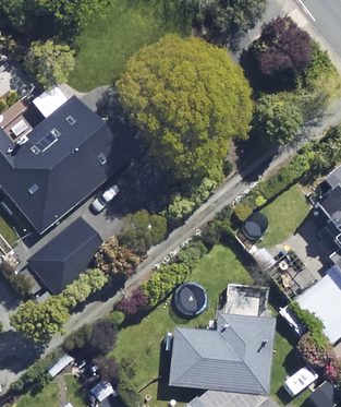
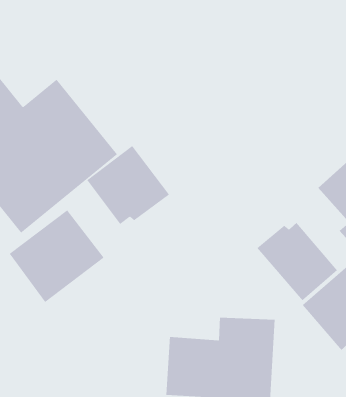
building: none -> [87,145,170,225]
building: none -> [256,222,338,301]

